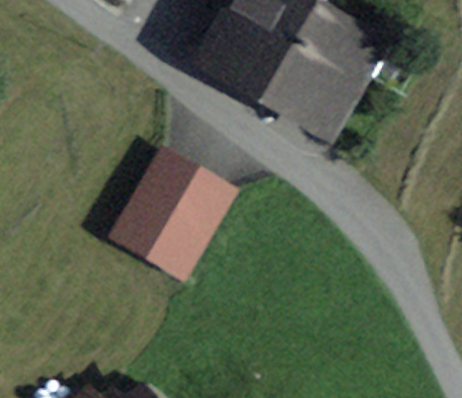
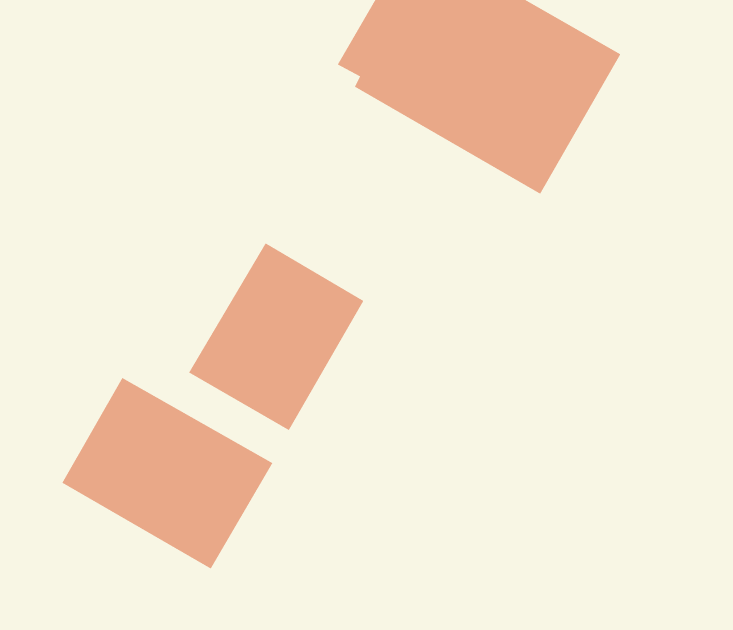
building: none -> [62,377,273,569]

